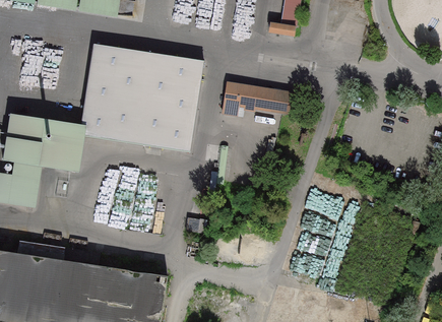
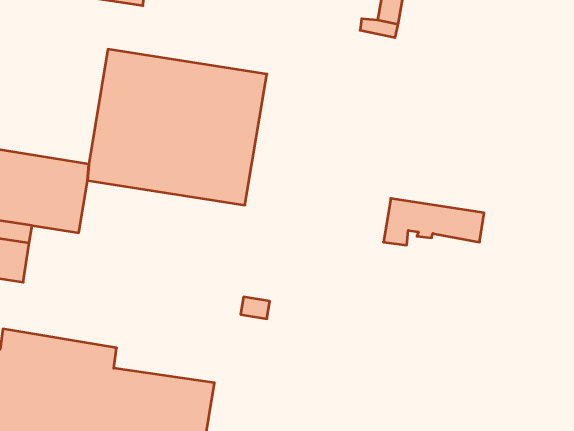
building: [222,82,292,115] -> [383,198,484,245]

